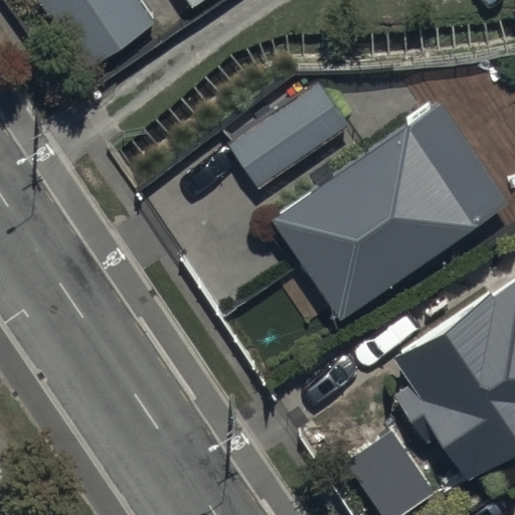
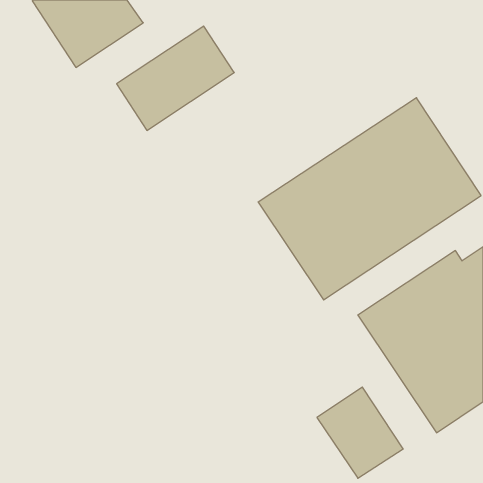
building: [226,82,351,193] -> [117,26,234,130]

